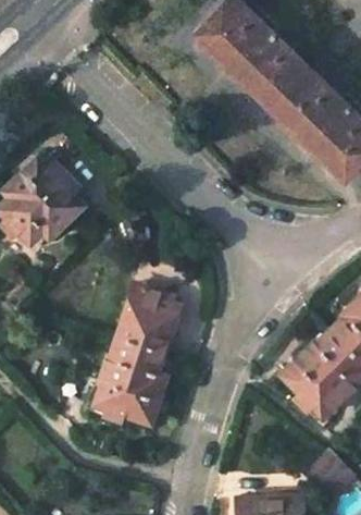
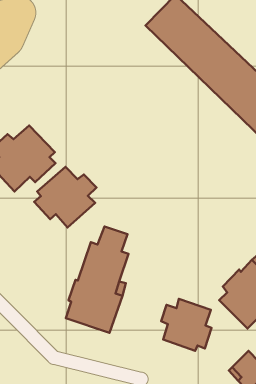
building: none -> [34,167,96,228]
building: none -> [161,299,212,351]

